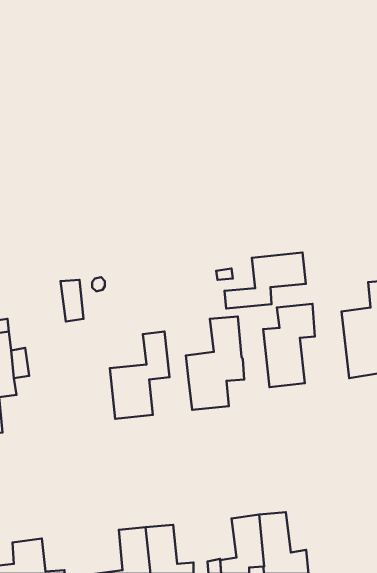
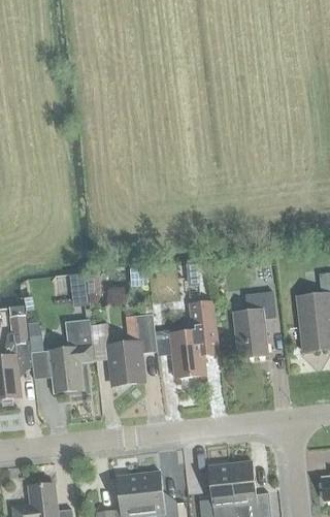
building: [225,253,306,309] -> none
building: none -> [48,320,94,393]

